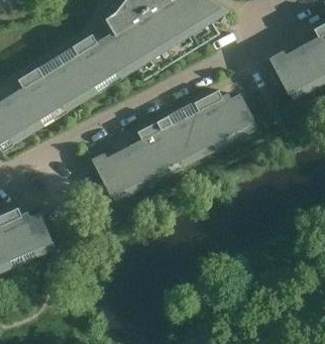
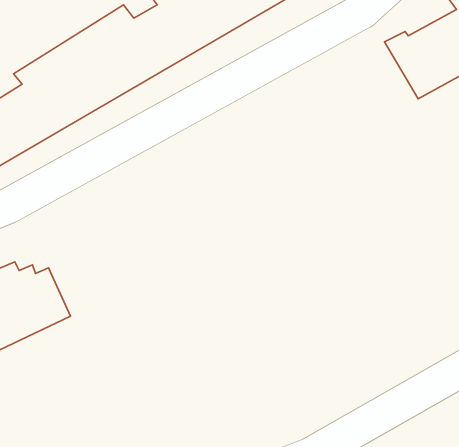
building: [91,89,258,199] -> none

